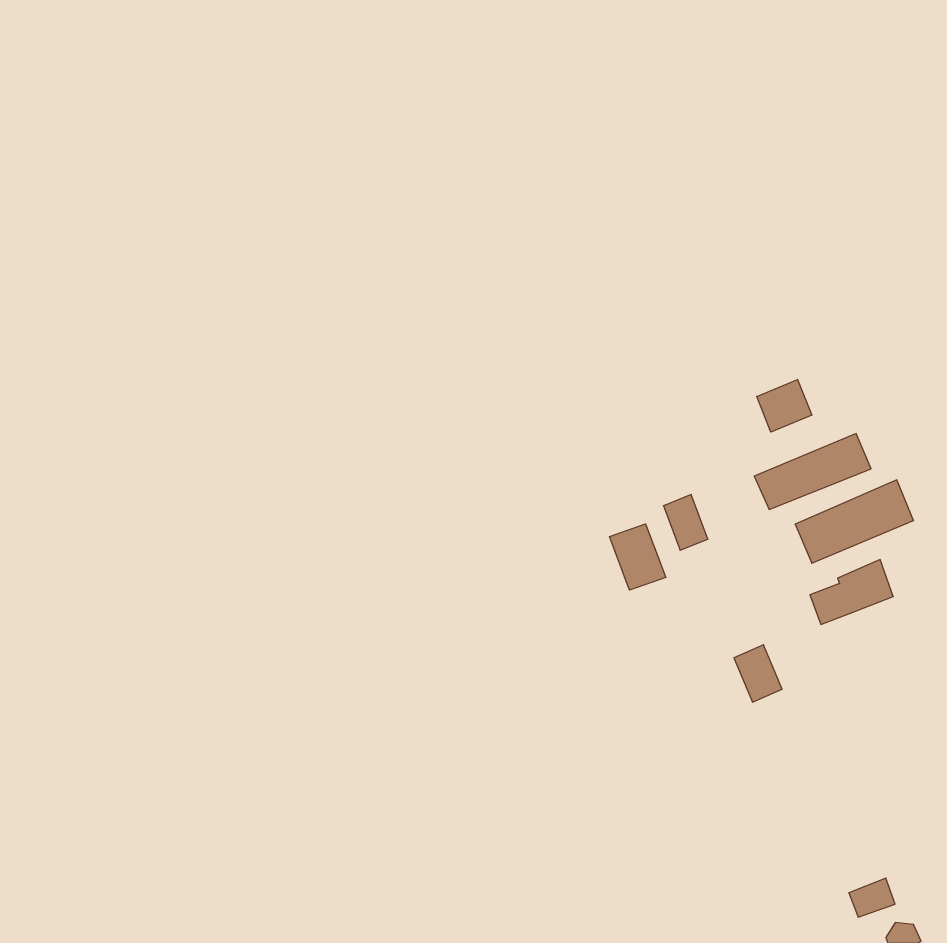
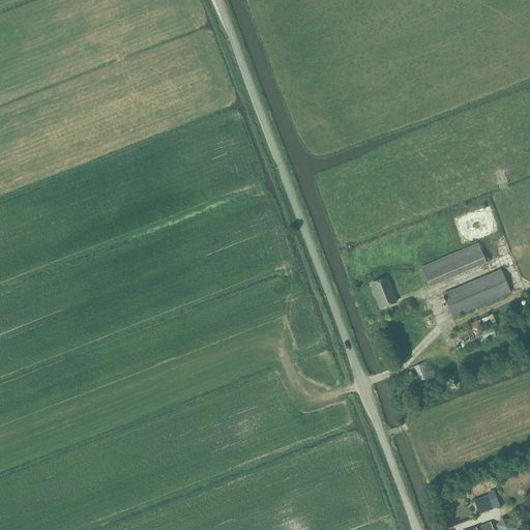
building: [757,379,812,432] -> none
building: [610,524,666,590] -> none

